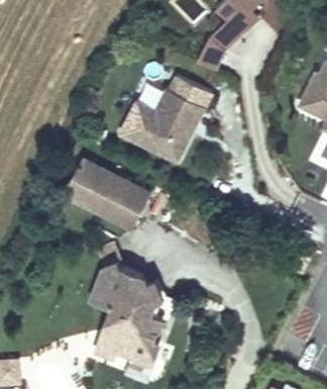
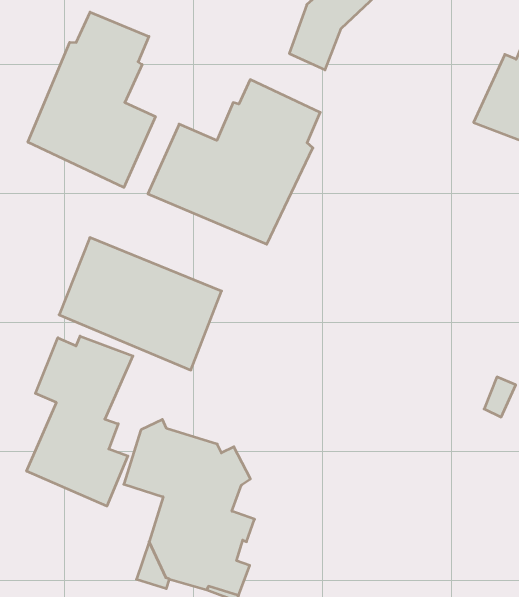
building: none -> [28,12,155,187]
building: none -> [27,336,133,506]

